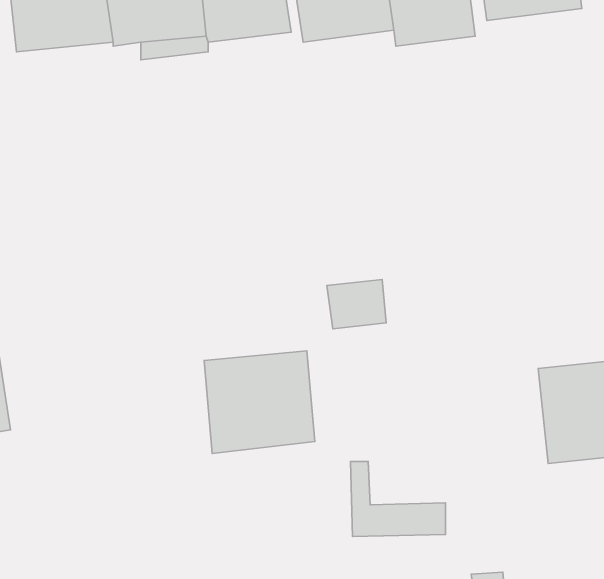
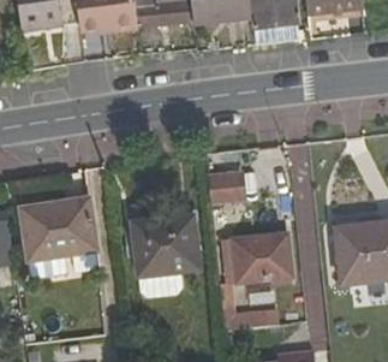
building: none -> [20,197,96,259]
building: none -> [232,232,293,283]

